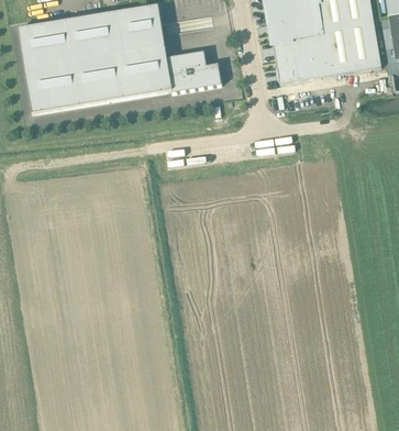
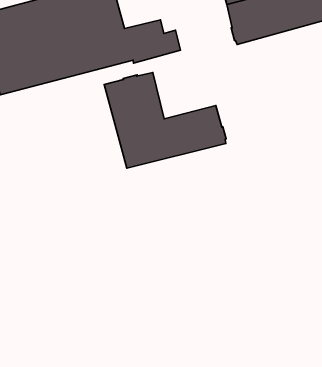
building: none -> [104,72,226,168]

